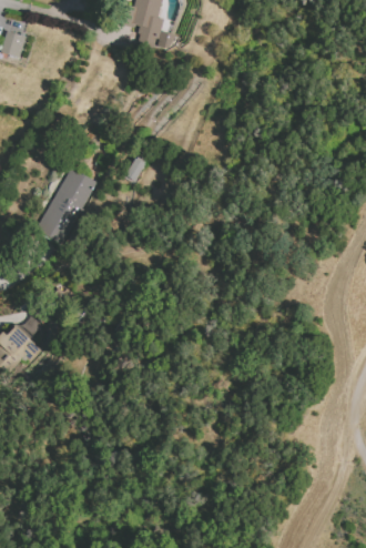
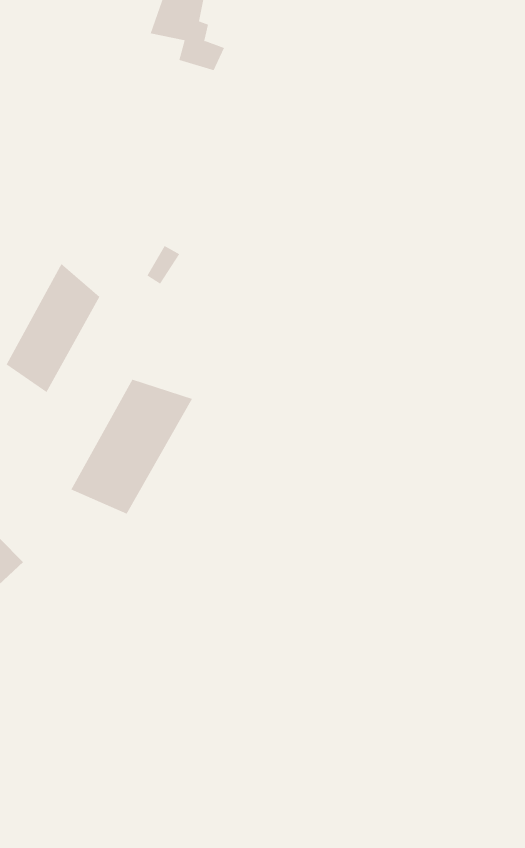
building: none -> [71,379,193,514]

